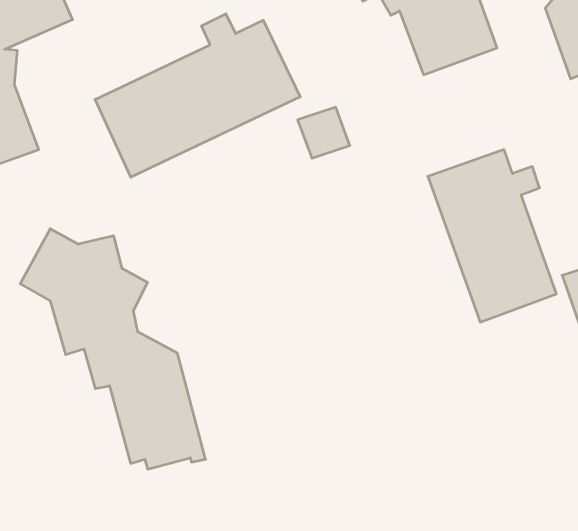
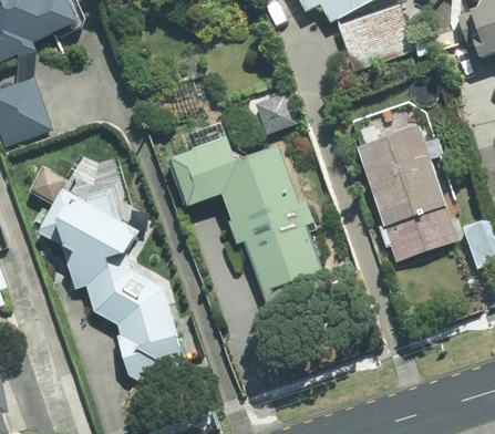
building: [95,14,300,177] -> none
building: none -> [171,138,346,316]

